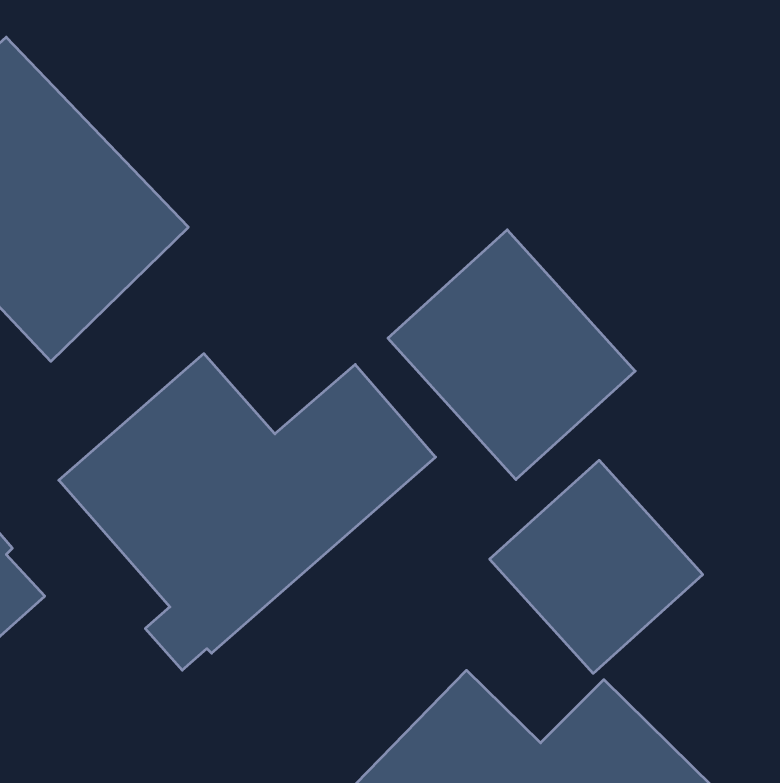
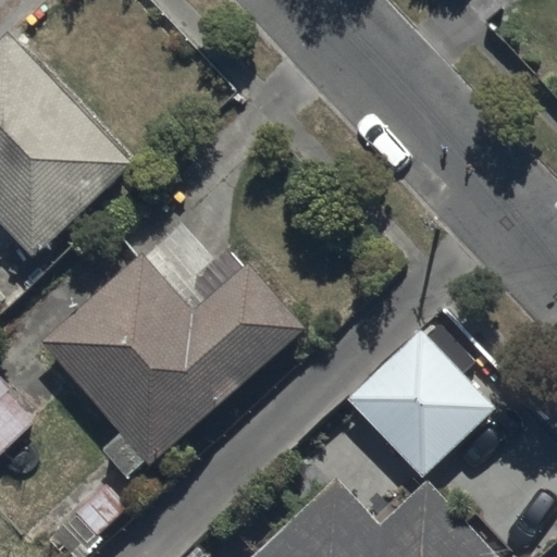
building: [388,230,635,480] -> none

